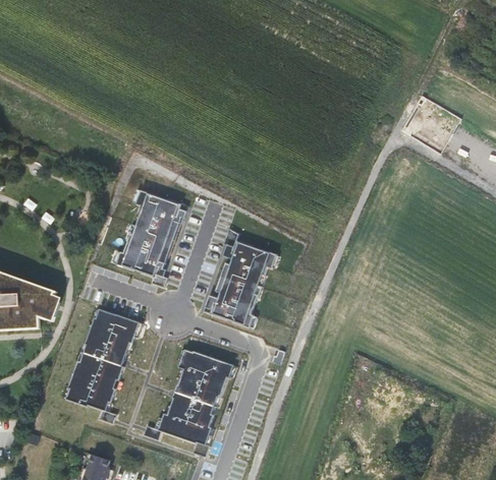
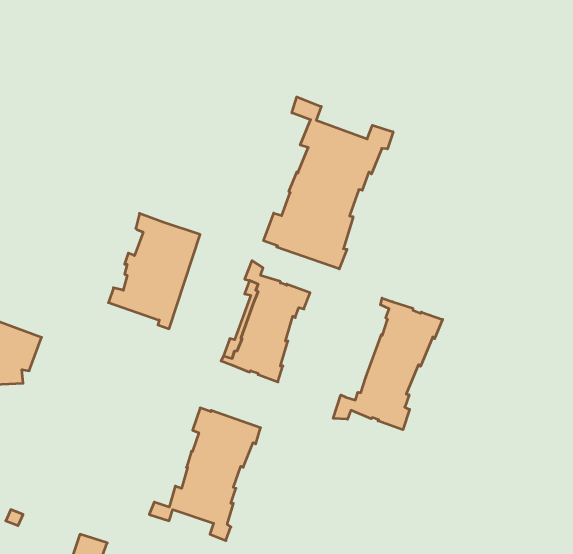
building: none -> [264,97,393,269]
building: none -> [333,298,443,430]
building: [65,311,141,426] -> none

